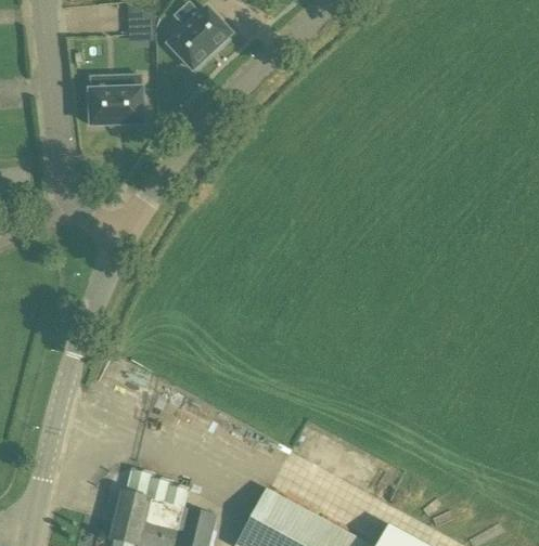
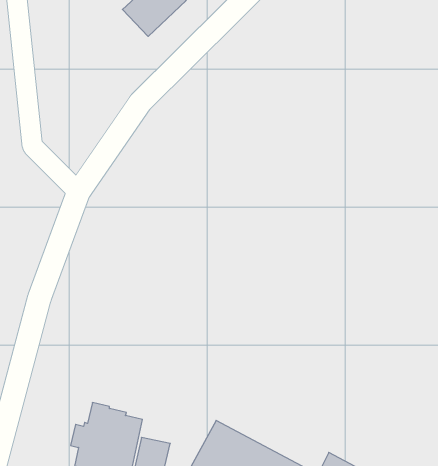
building: [87,75,145,129] -> none

